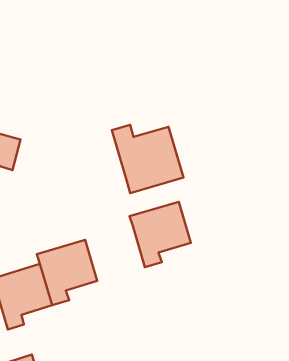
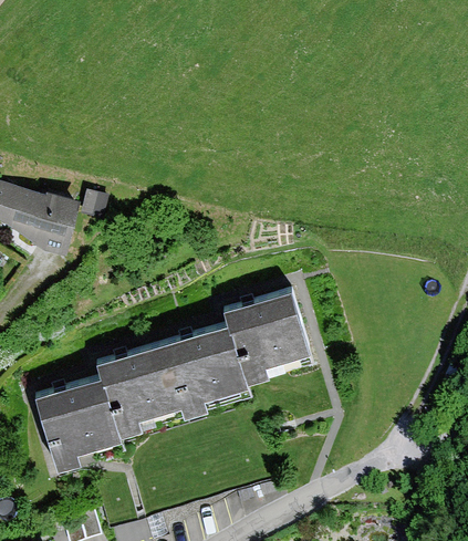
building: [112,125,184,193] -> none
building: none -> [164,326,246,416]

